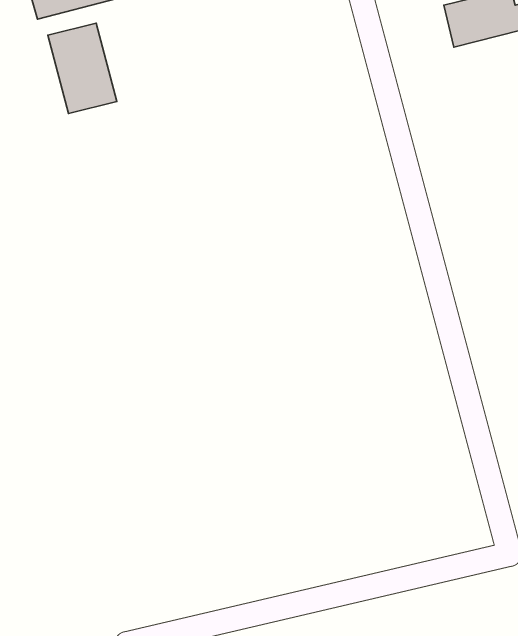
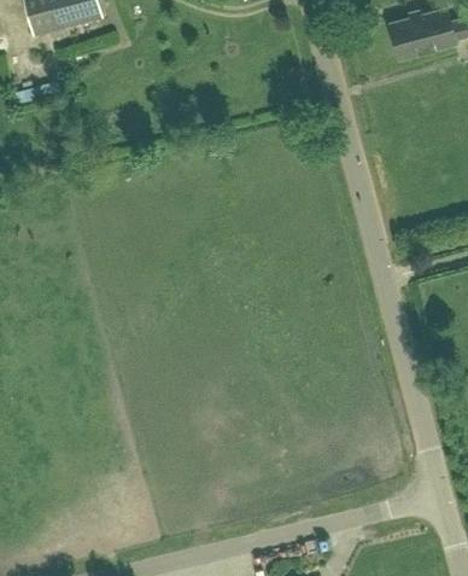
building: [48,23,117,114] -> none

